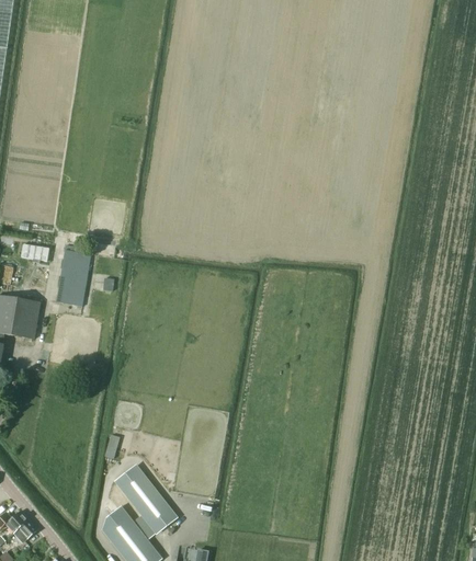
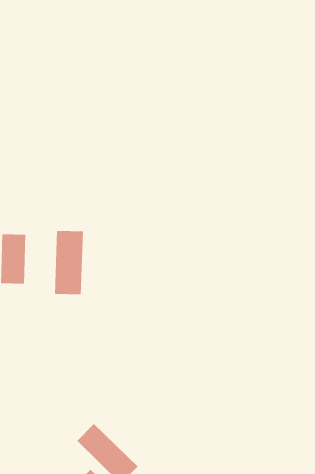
building: none -> [54,230,83,295]

